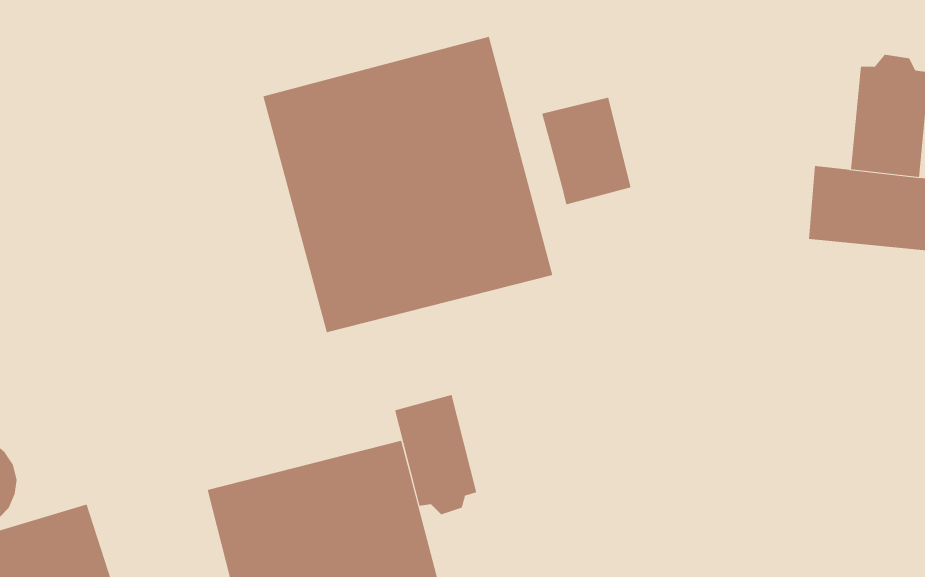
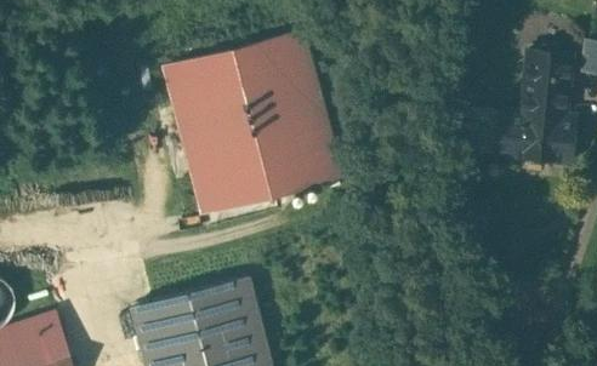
building: [542,97,631,205] -> none
building: [395,394,477,515] -> none

